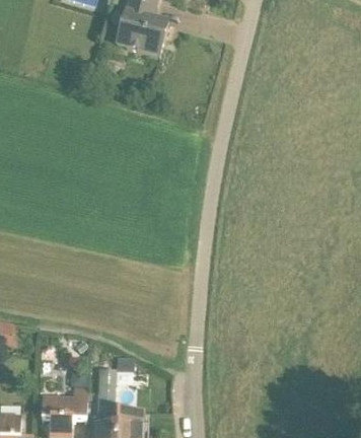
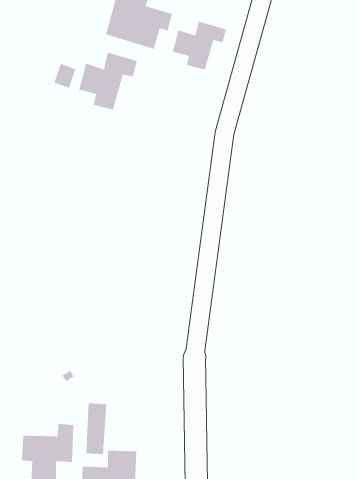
building: none -> [172,21,226,71]
building: none -> [78,52,137,111]

